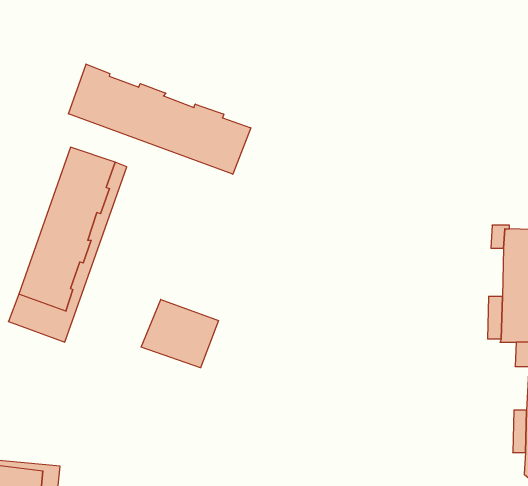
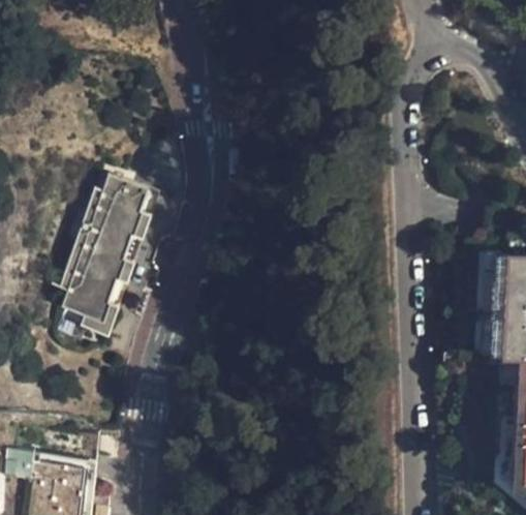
building: [68,64,251,174] -> none
building: [141,299,218,368] -> none

